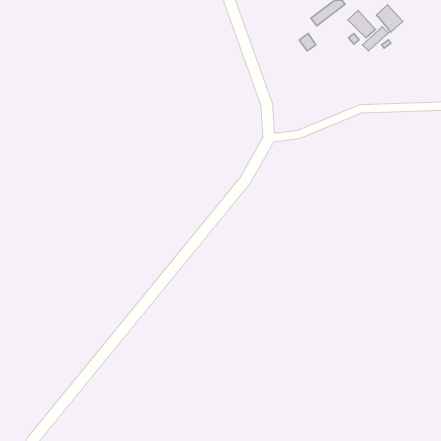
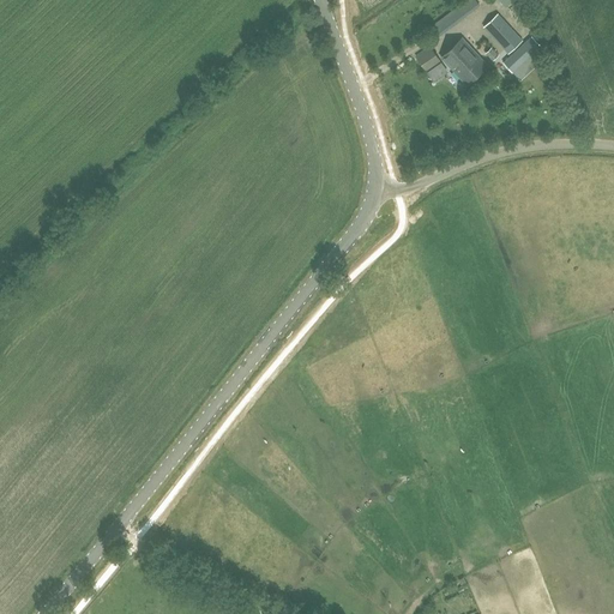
building: [377,5,403,32] -> none
building: none -> [441,38,487,84]

